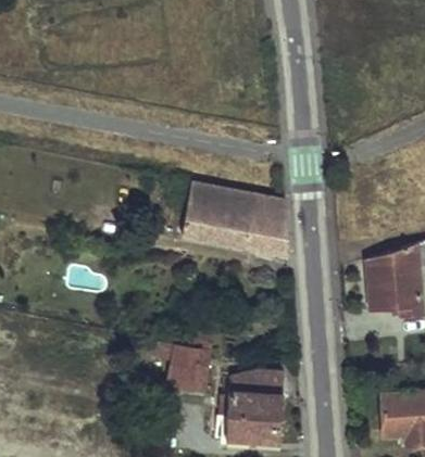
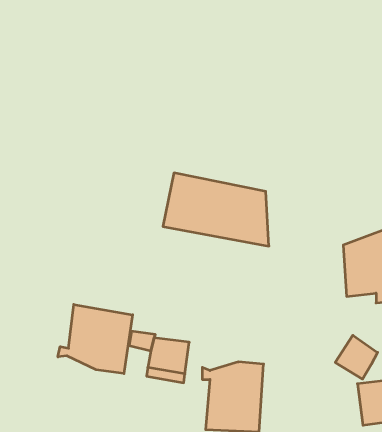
building: none -> [58,304,133,374]
building: none -> [335,335,378,379]

